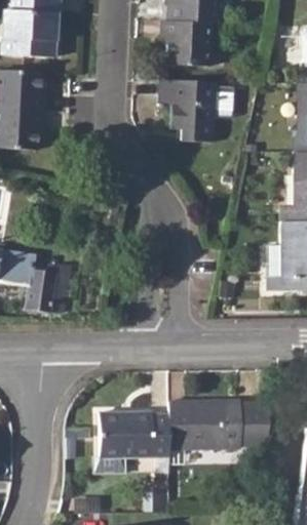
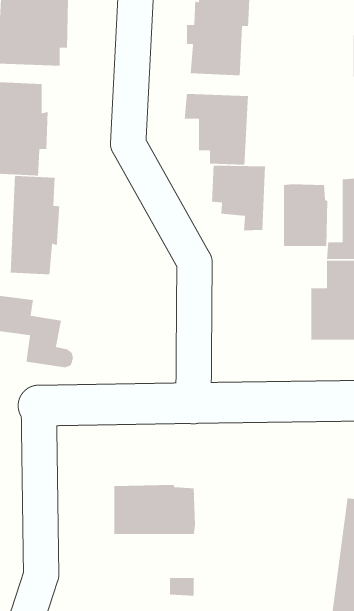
building: none -> [211,165,266,231]
building: none -> [10,175,60,275]
building: none -> [283,184,328,247]
building: [169,402,270,448] -> none

